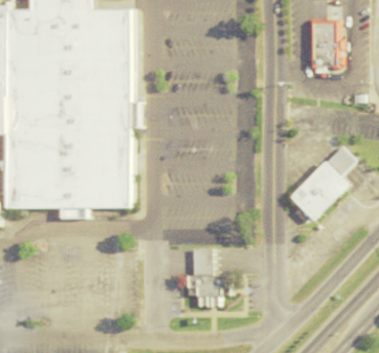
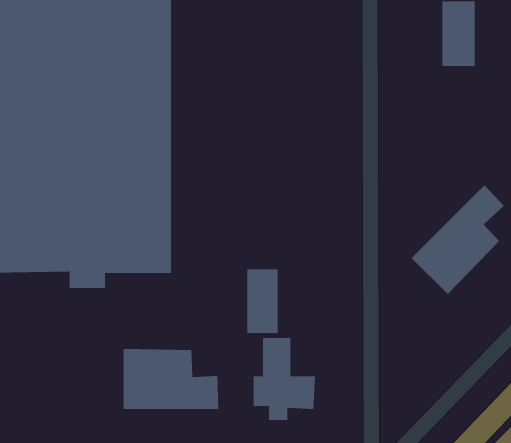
building: none -> [247,268,278,334]
building: none -> [123,348,219,410]

